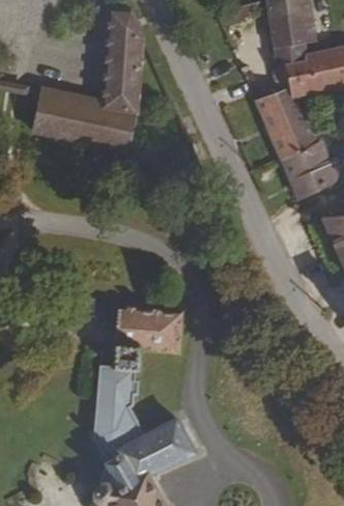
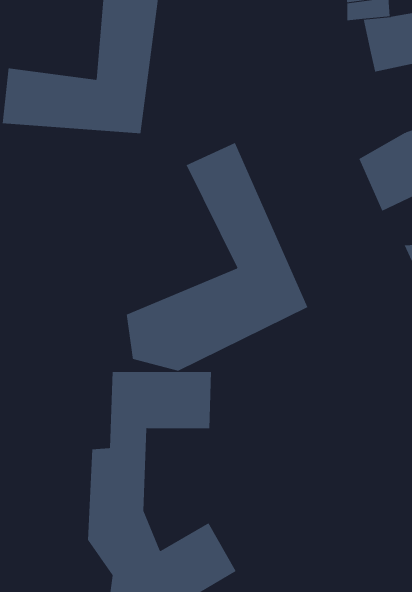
building: [256,84,318,159] -> none
building: none -> [126,142,308,371]

